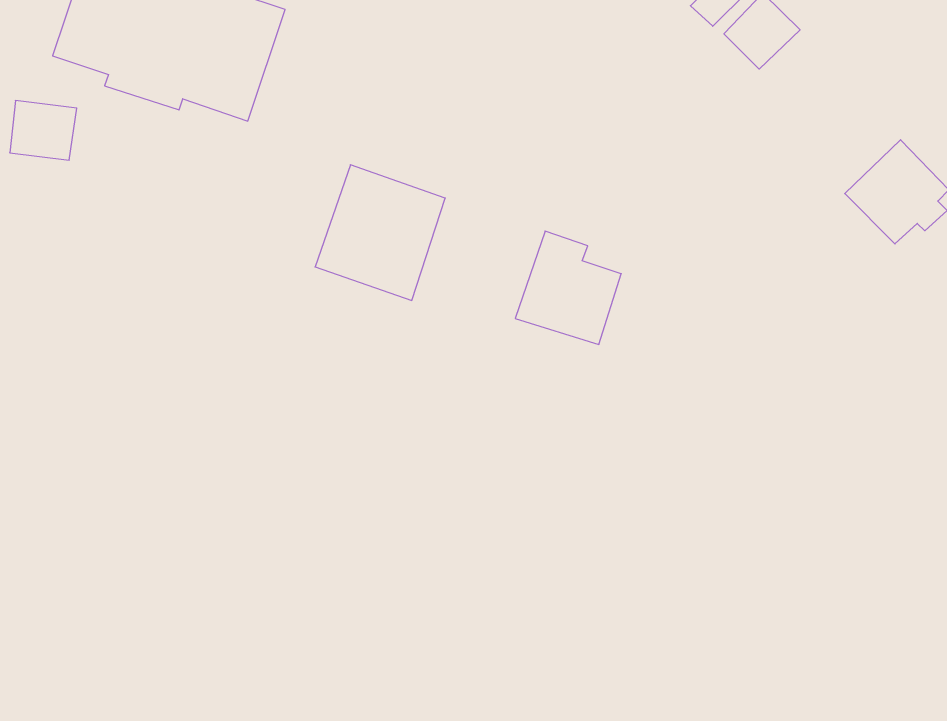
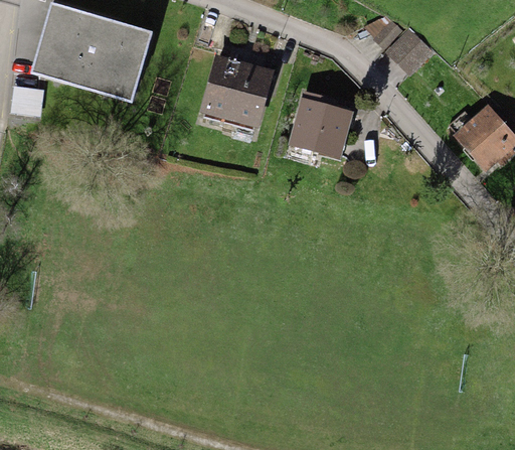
building: [315,165,445,300] -> [199,57,270,131]
building: [515,231,621,344] -> [292,94,349,155]

